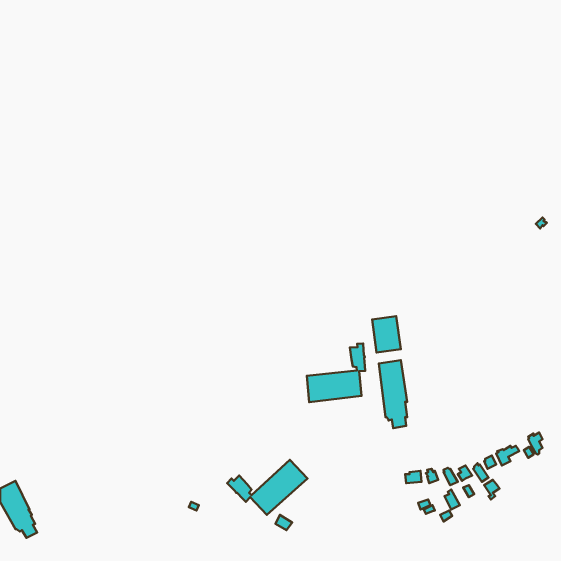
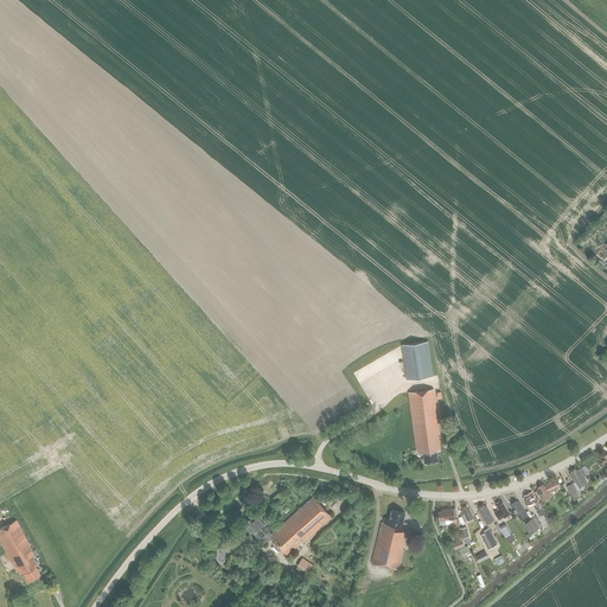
building: [307,343,365,402] -> none
building: none -> [371,510,407,569]

